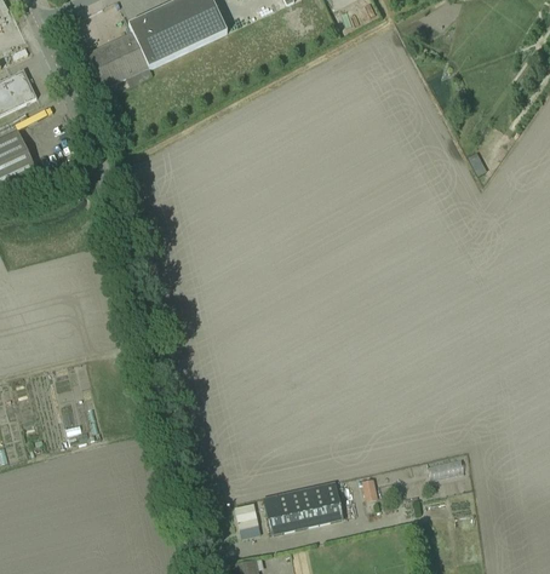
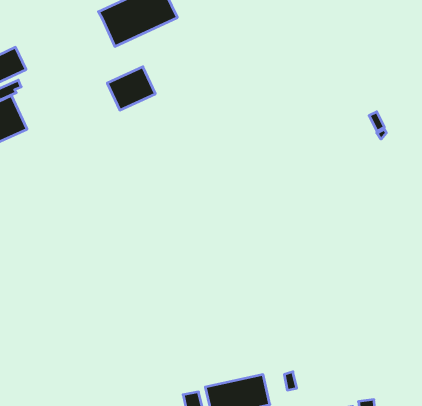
building: [87,33,148,87] -> [107,67,155,110]

